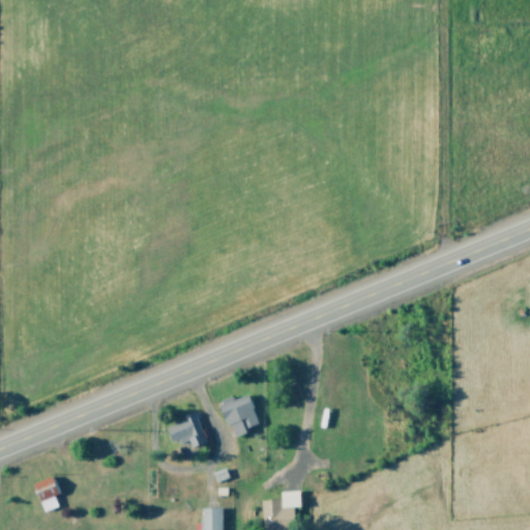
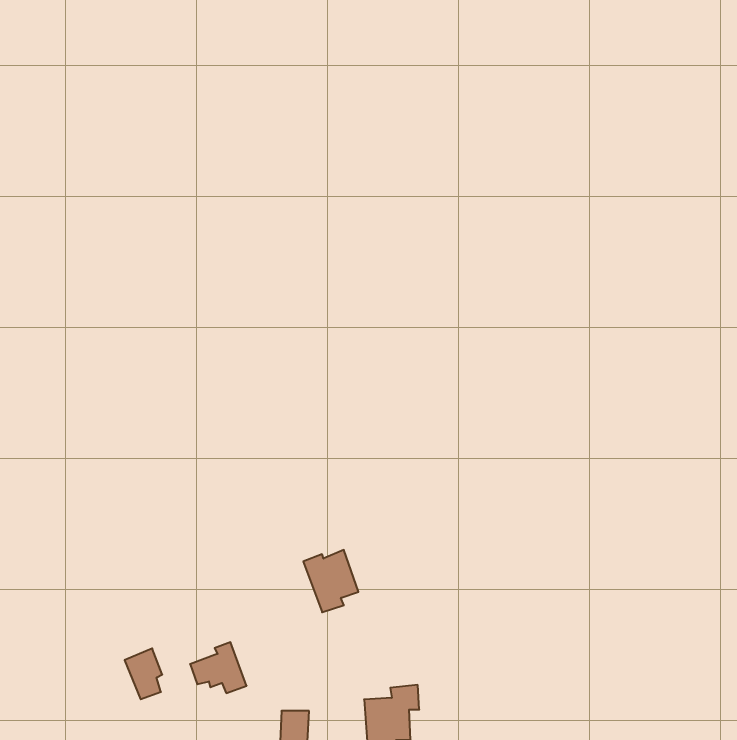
building: [167,412,207,448] -> [190,642,247,693]
building: [33,475,60,511] -> [125,648,162,699]

